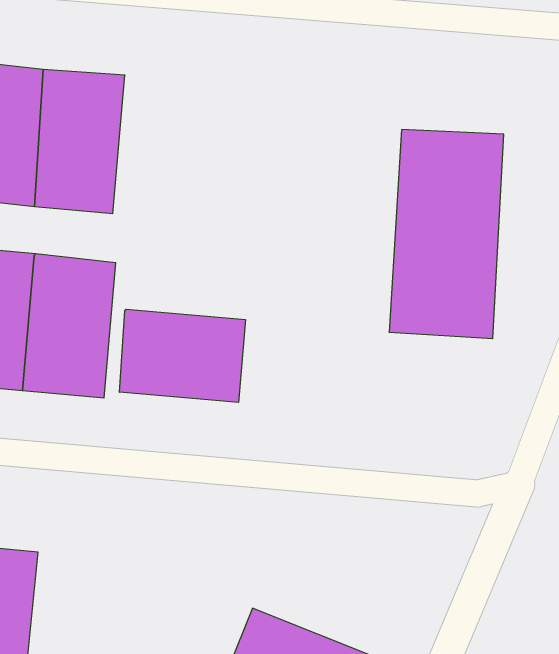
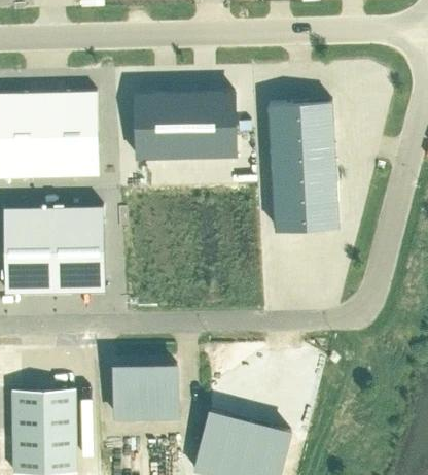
building: none -> [134,93,237,160]
building: [119,309,245,402] -> none
building: none -> [112,365,181,417]

